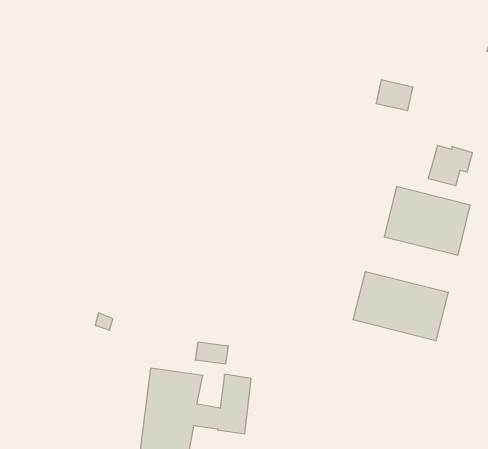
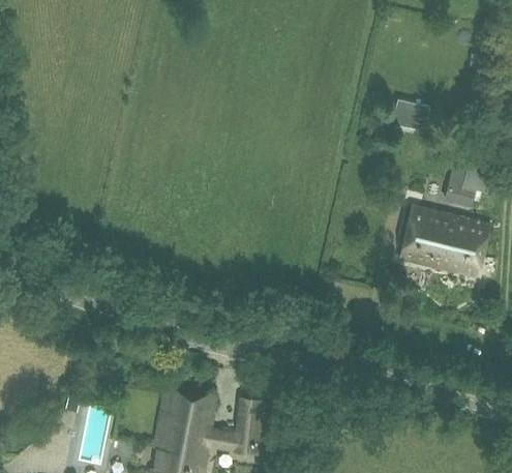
building: [353,271,448,341] -> none
building: [195,342,228,364] -> none

